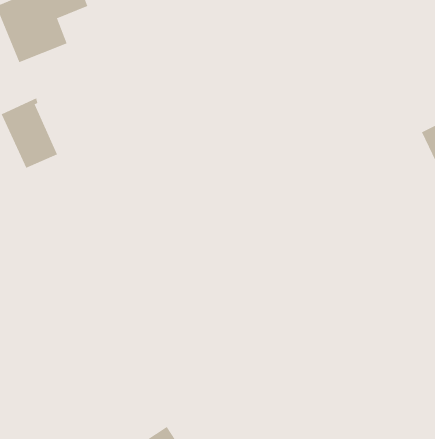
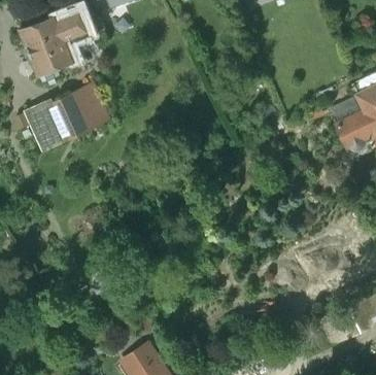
building: none -> [49,86,107,141]

